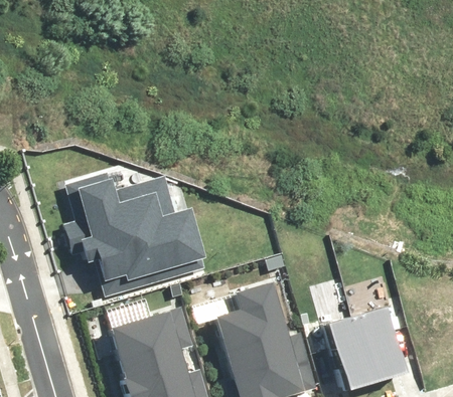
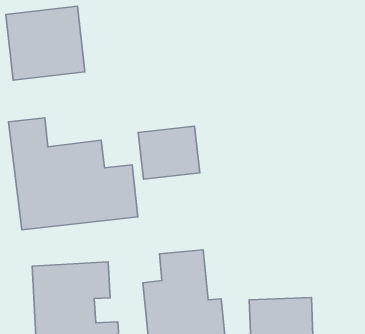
building: none -> [6,6,85,80]
building: none -> [138,126,200,179]

